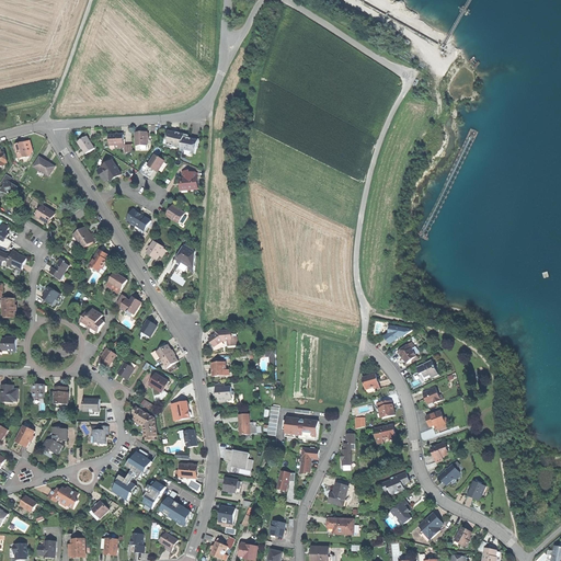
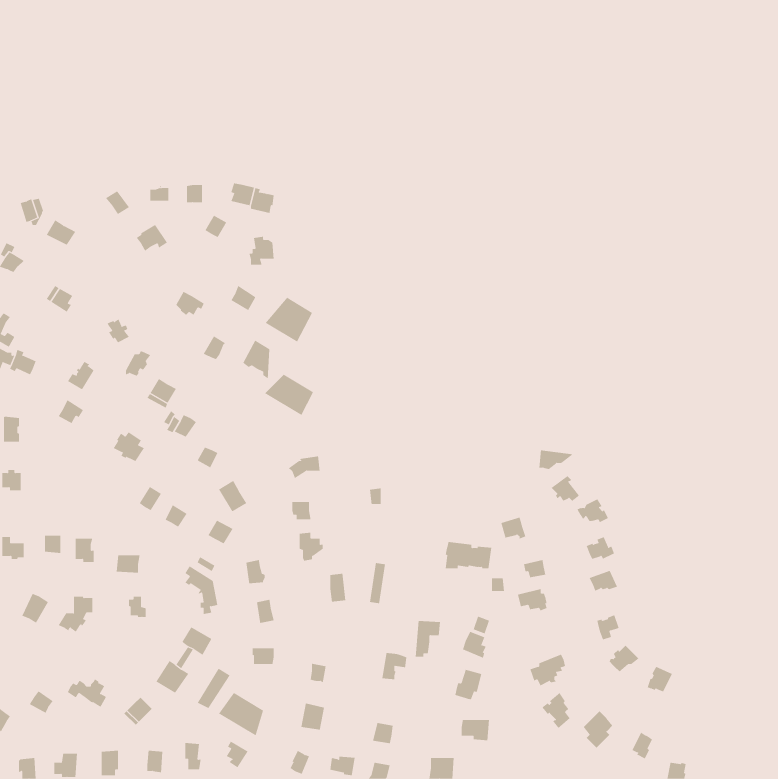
building: none -> [265,297,313,342]
building: none -> [264,374,314,416]
building: [283,415,317,435] -> [445,541,492,569]
building: [225,448,254,474] -> none

